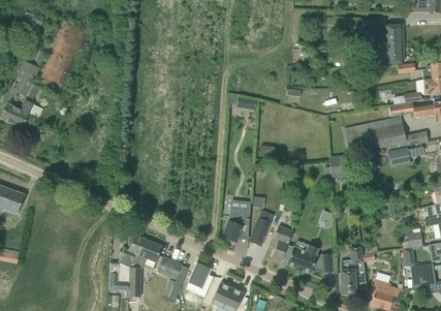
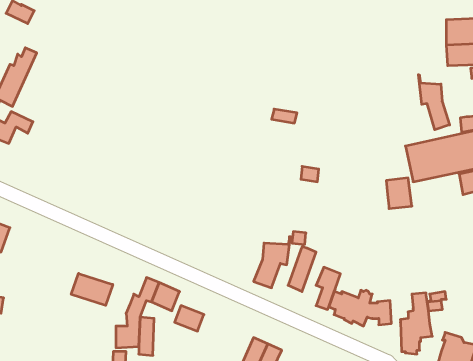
building: none -> [418,75,450,130]
building: none -> [71,273,113,305]
building: [188,262,213,297] -> none

